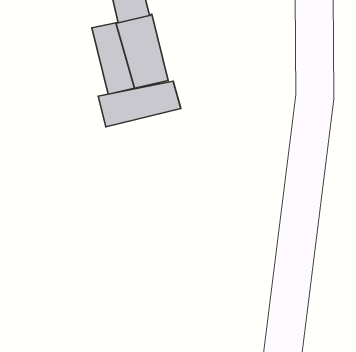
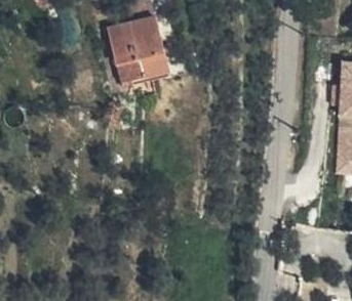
building: [98,81,181,127] -> none

